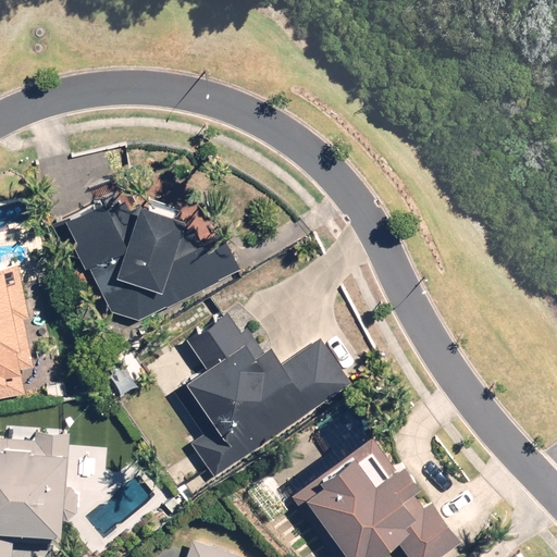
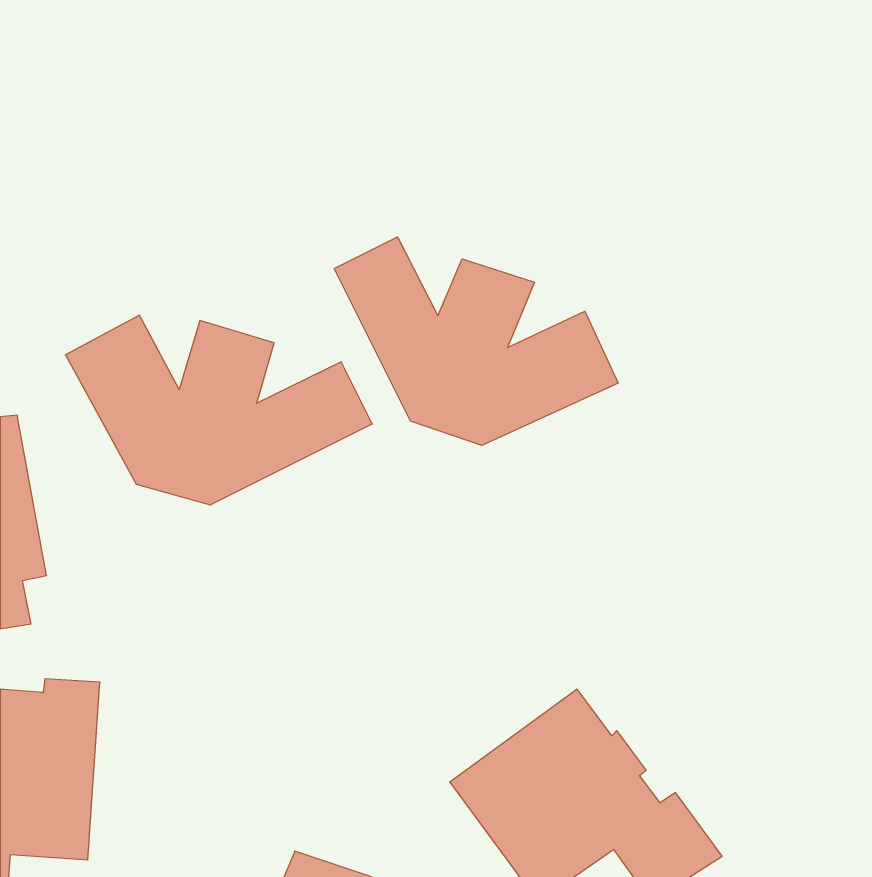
building: none -> [334,237,618,446]
building: [173,310,350,478] -> none

